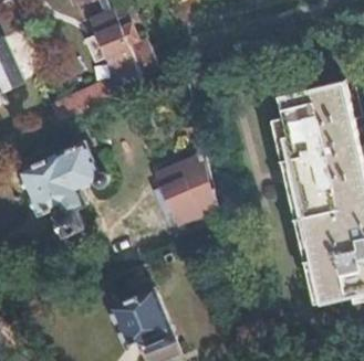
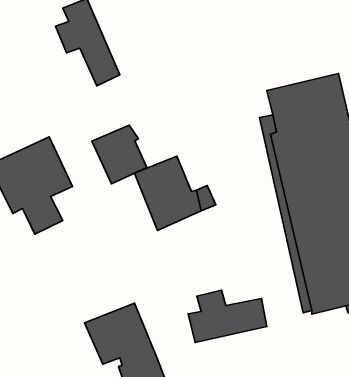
building: none -> [92,125,147,184]
building: none -> [188,290,267,342]

